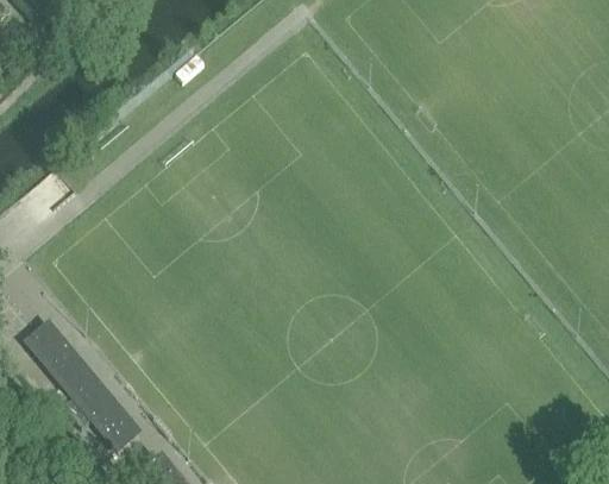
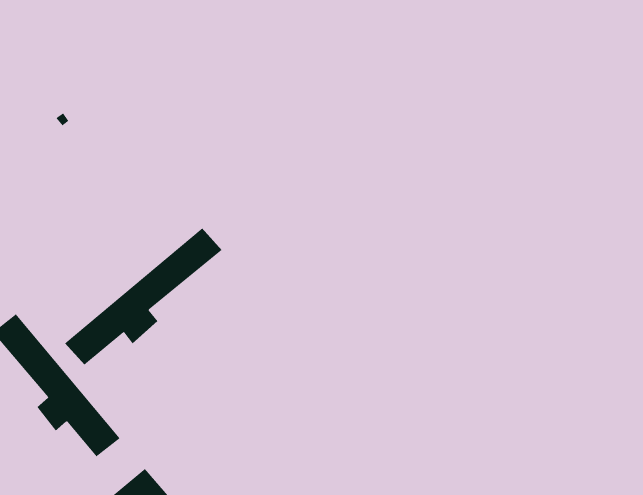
building: none -> [64,228,222,366]

